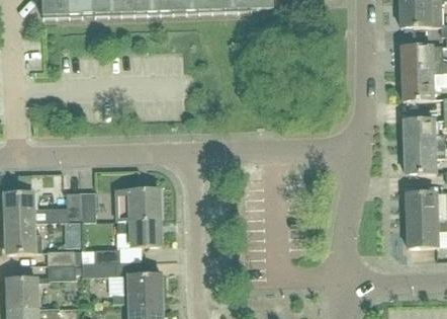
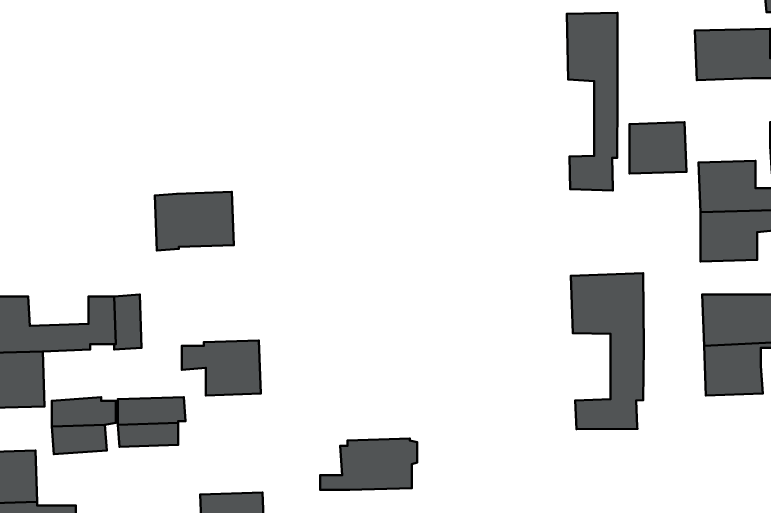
building: none -> [567,13,617,191]
building: [403,72,434,100] -> [630,122,686,174]
building: none -> [571,273,644,429]
building: [117,187,161,220] -> [155,192,234,251]
building: [112,273,166,302] -> [320,439,417,490]

